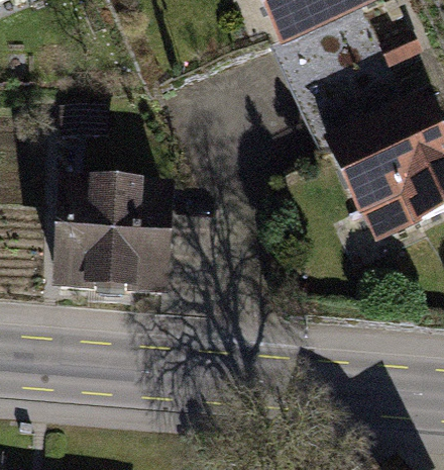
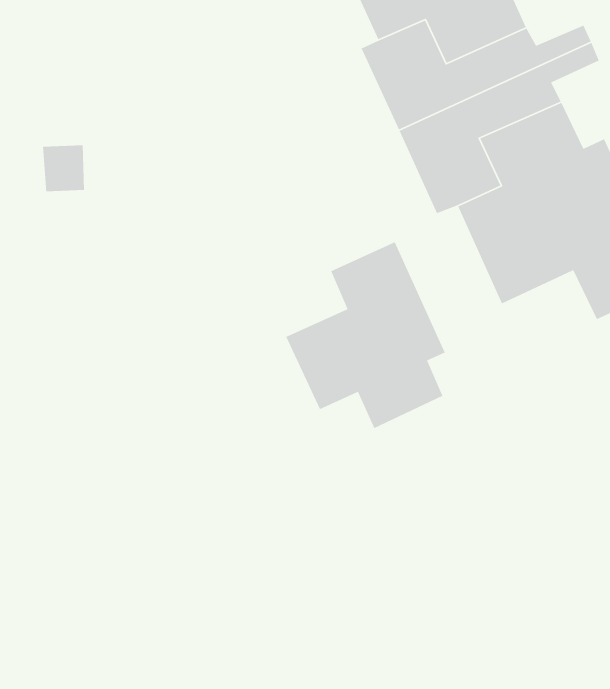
building: none -> [285,241,446,429]
building: [62,188,168,289] -> none

